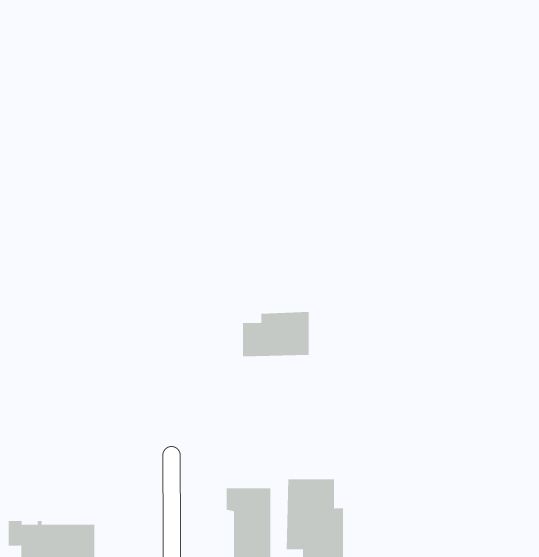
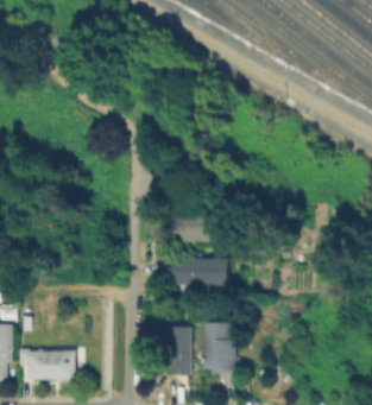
building: none -> [156,252,227,286]

